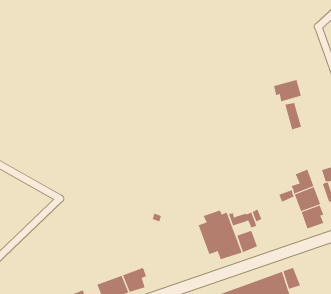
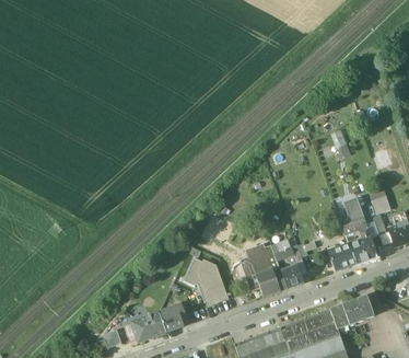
building: [273,79,302,102] -> none
building: none -> [328,243,357,272]
building: none -> [184,258,225,302]
building: none -> [342,296,374,324]

